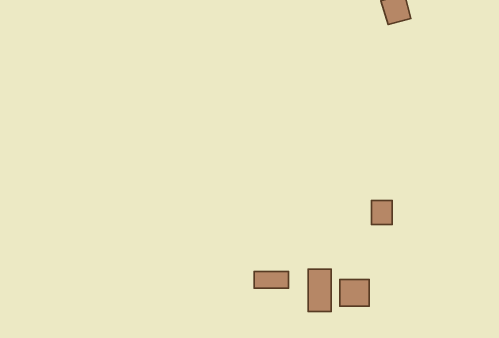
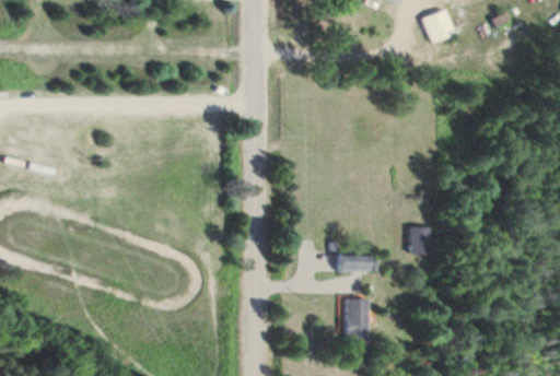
building: [254,272,289,288] -> [332,255,369,272]
building: [340,279,369,306] -> none

